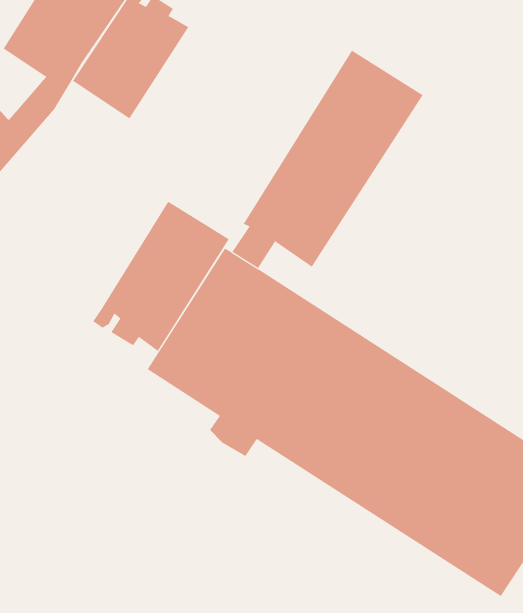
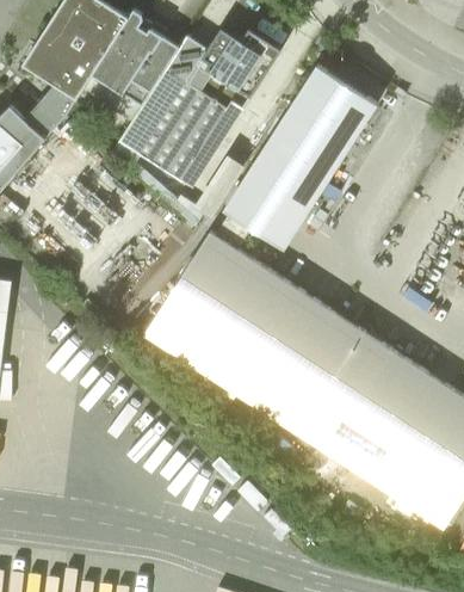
building: none -> [118,27,282,189]
building: [92,201,229,352] -> none

